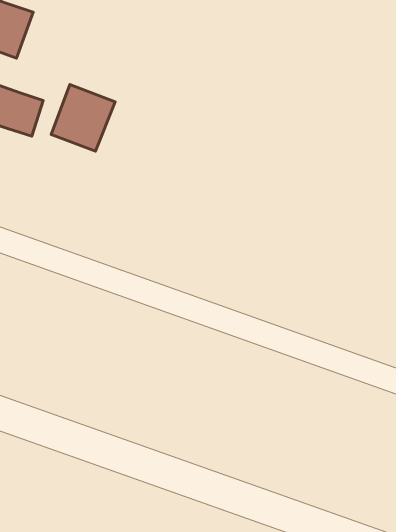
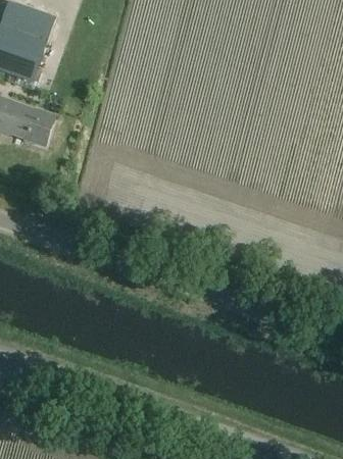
building: [51,85,115,151] -> none

